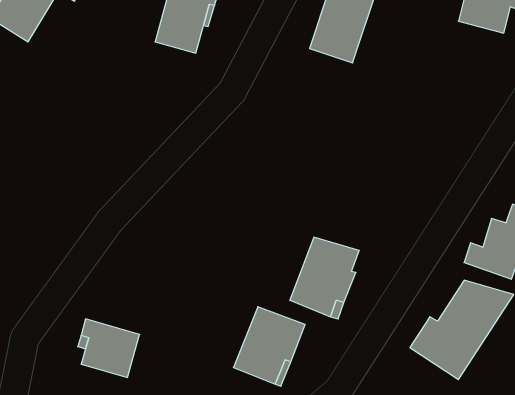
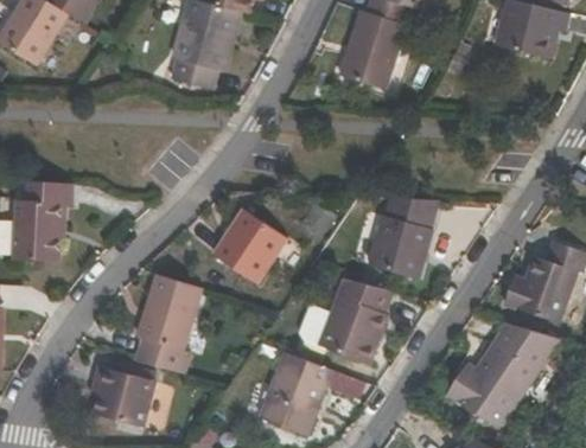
building: none -> [14,181,74,262]
building: none -> [362,197,433,280]
building: none -> [214,210,287,283]
building: none -> [134,274,202,372]

